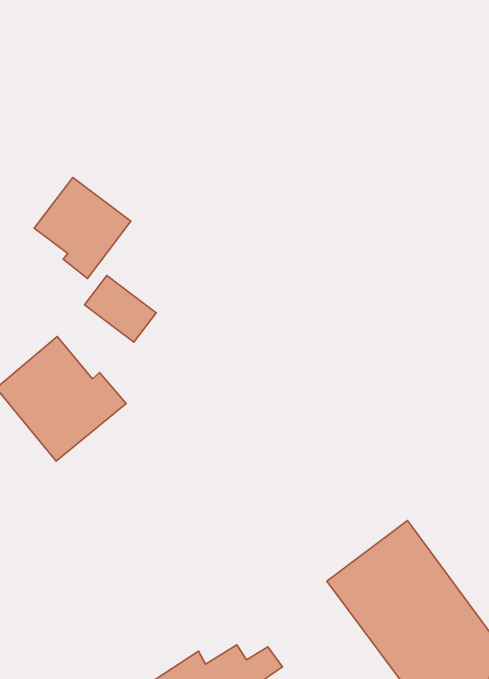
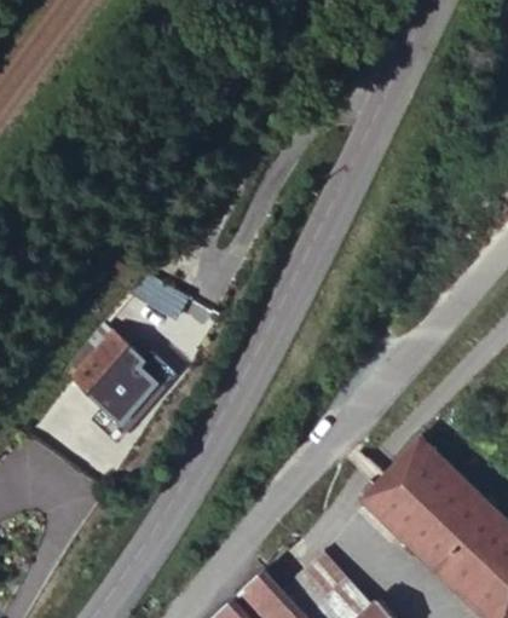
building: [34,178,131,278] -> none

